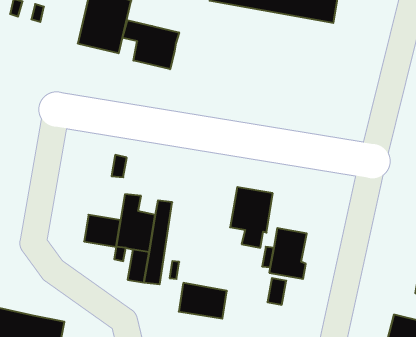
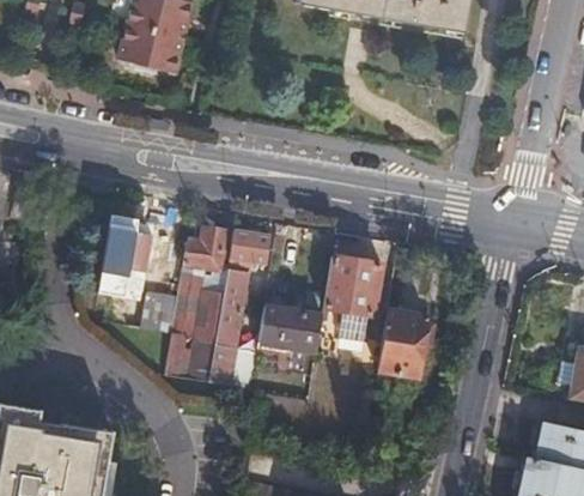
building: [122,20,179,69] -> none
building: none -> [97,207,140,297]
building: none -> [183,226,226,267]
building: none -> [227,230,270,266]
building: [179,283,227,319] -> [258,302,323,350]

